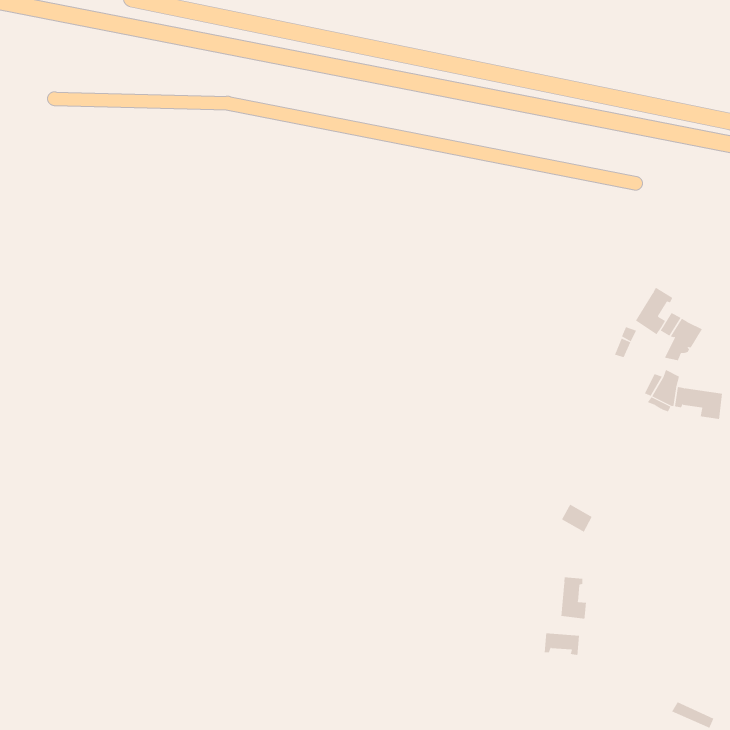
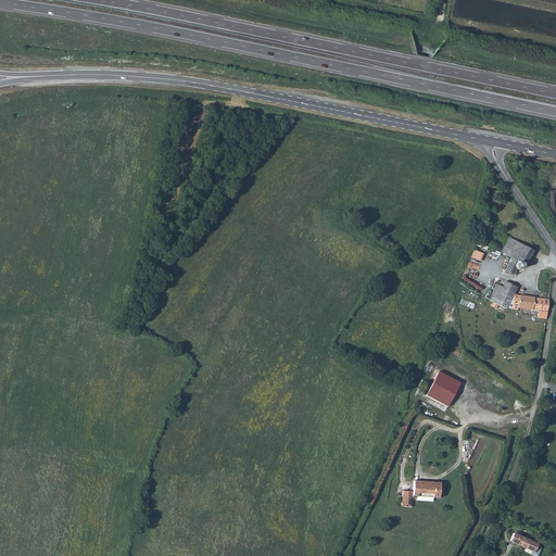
building: [635,287,673,335] -> none
building: [561,577,587,619] -> none

